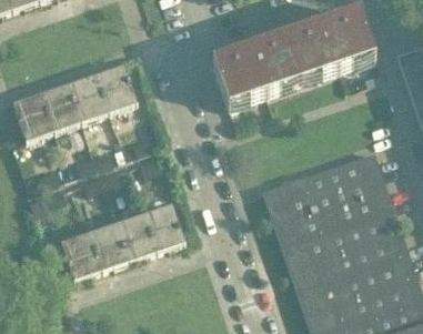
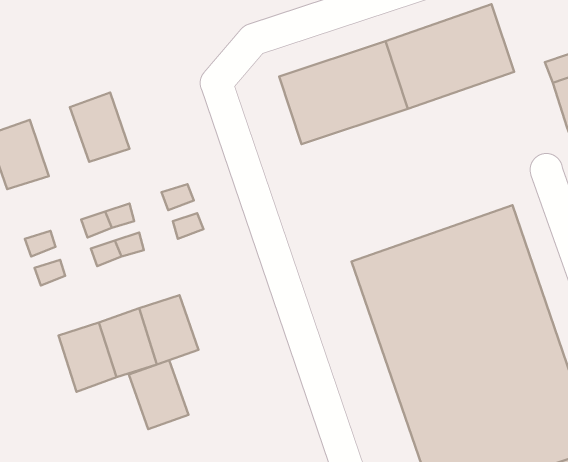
building: [97,63,138,111] -> none
building: [41,82,82,130] -> none
building: [144,202,185,250] -> [129,360,188,429]

